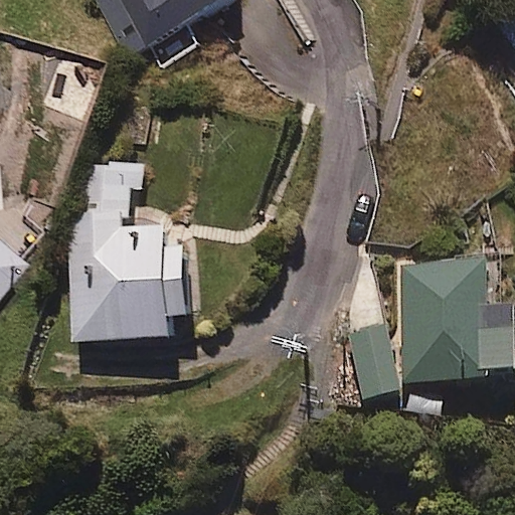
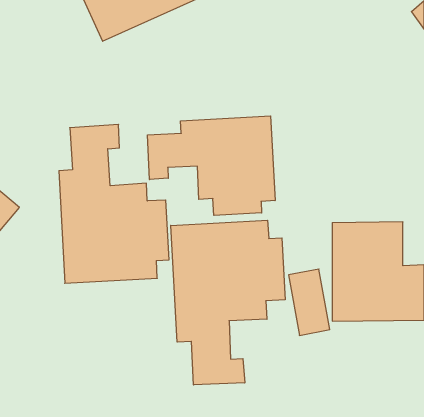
building: none -> [148,116,275,215]
building: none -> [171,220,285,385]

